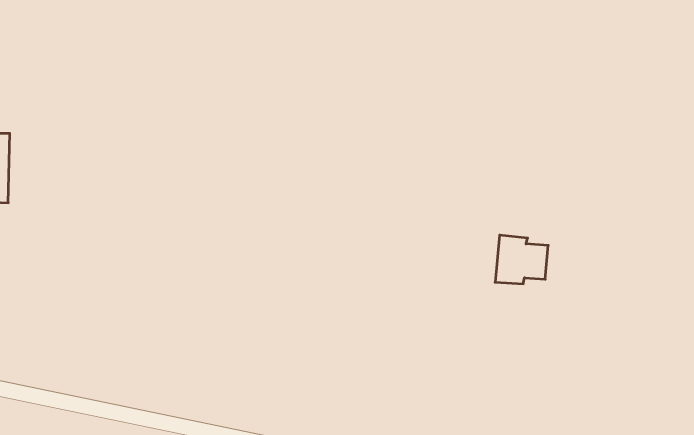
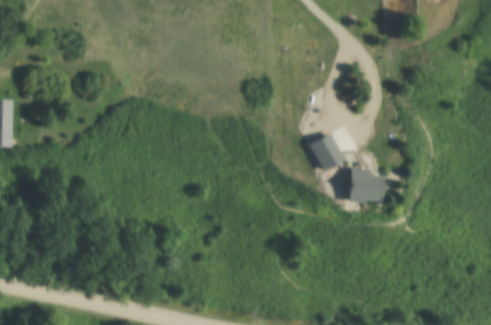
building: none -> [308,132,344,171]

